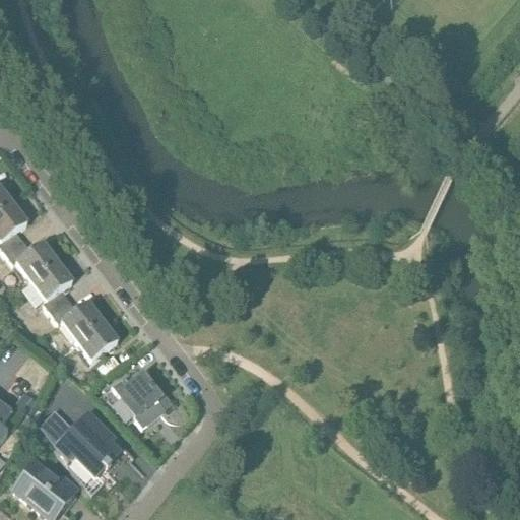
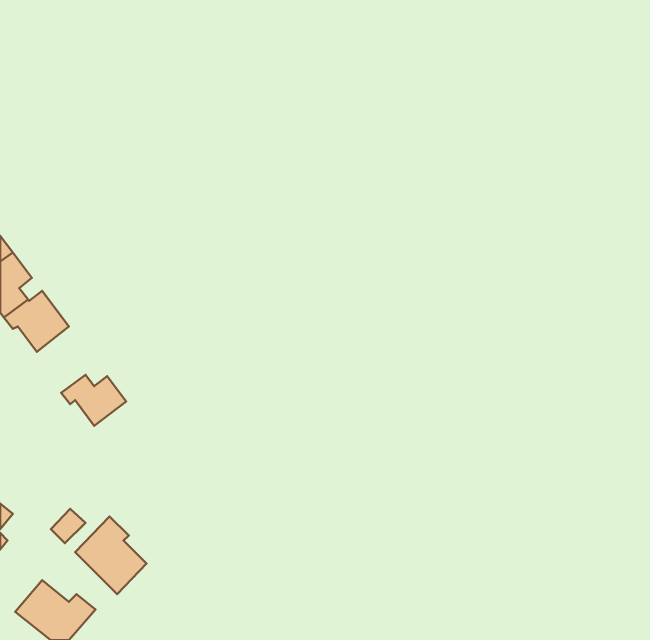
building: [30,260,78,313] -> none
building: [76,320,117,359] -> none
building: [111,374,173,425] -> none

